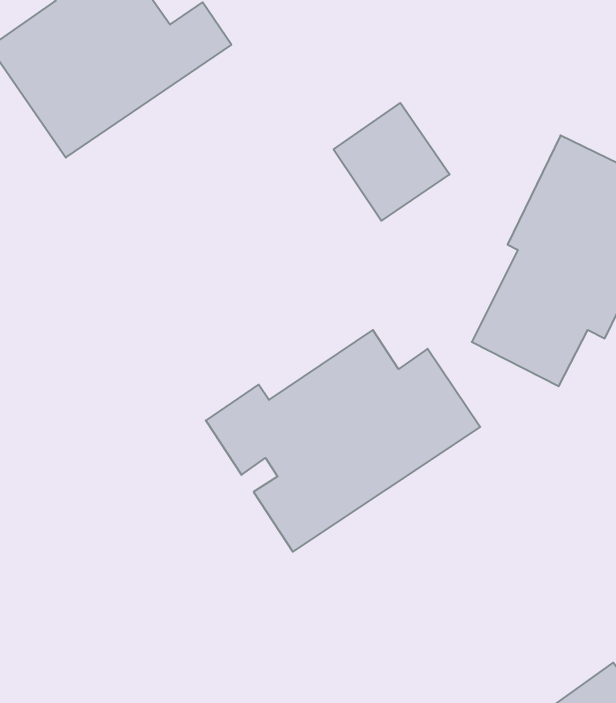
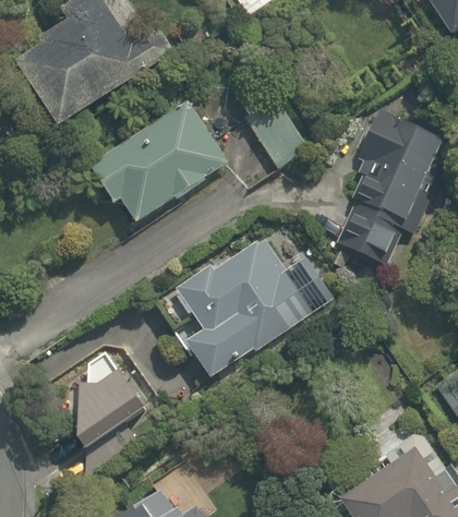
building: none -> [87,99,228,224]
building: none -> [50,350,148,447]

